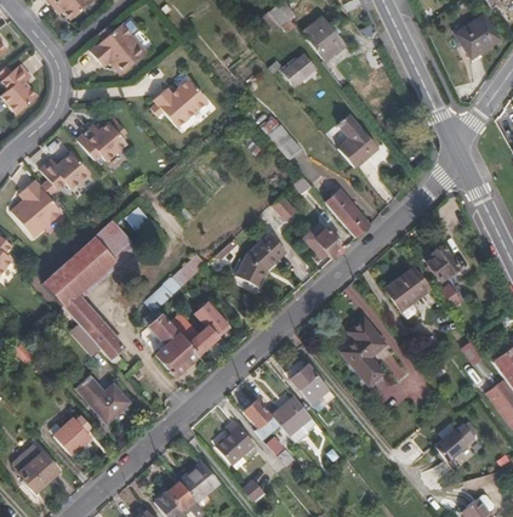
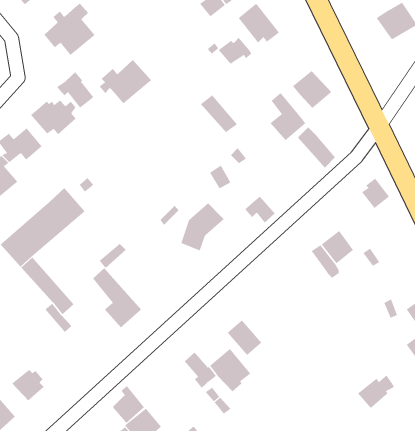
building: none -> [292,70,332,109]
building: none -> [56,72,94,109]
building: [325,191,367,237] -> [297,126,336,168]
building: [426,245,457,279] -> [361,178,390,209]
building: [187,300,228,353] -> none
building: [341,318,384,384] -> none
building: [75,375,130,422] -> none
building: [216,421,252,464] -> [112,385,145,424]

